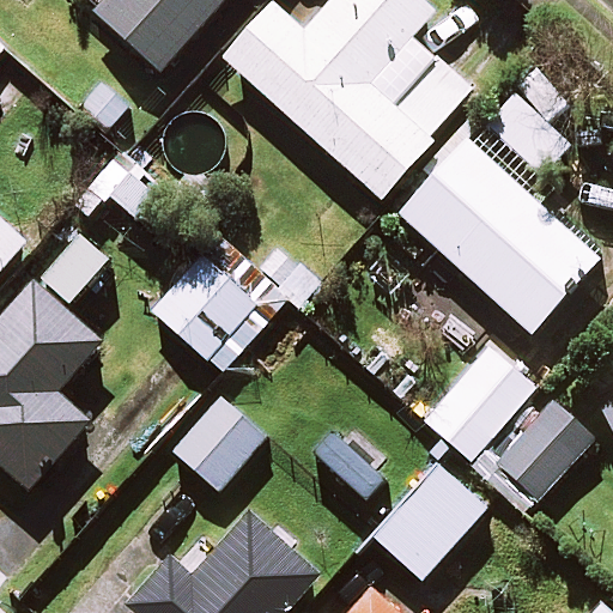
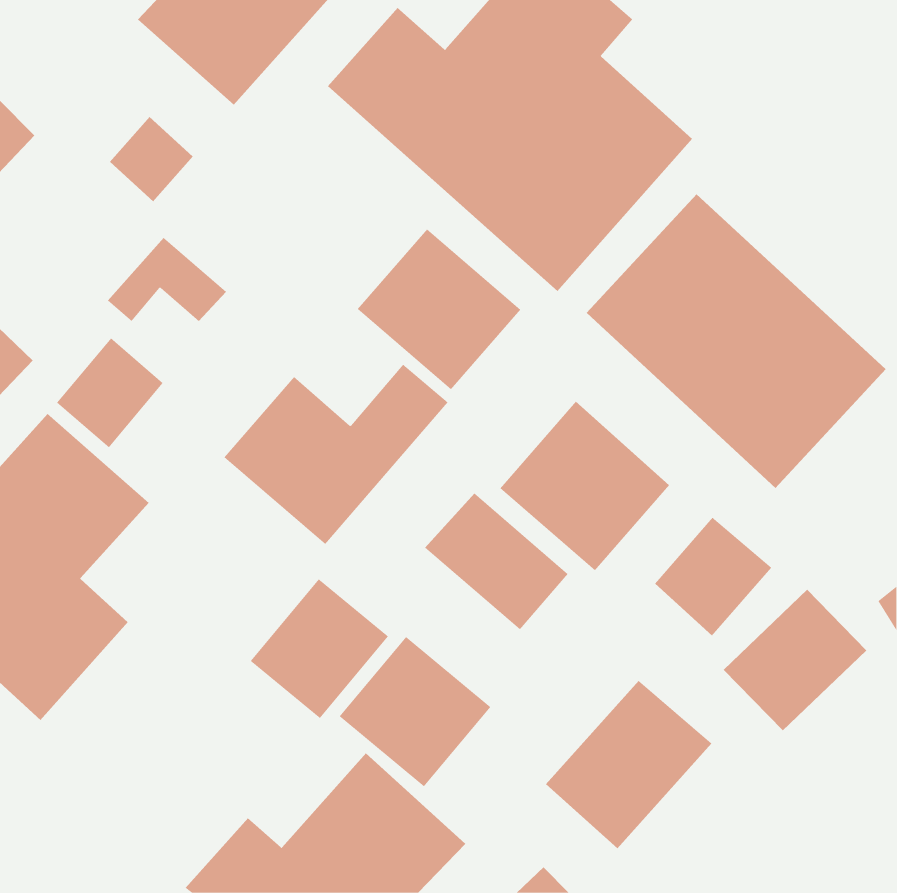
building: none -> [357,228,521,390]
building: none -> [500,401,670,571]
building: none -> [424,493,568,630]
building: none -> [339,636,491,787]

